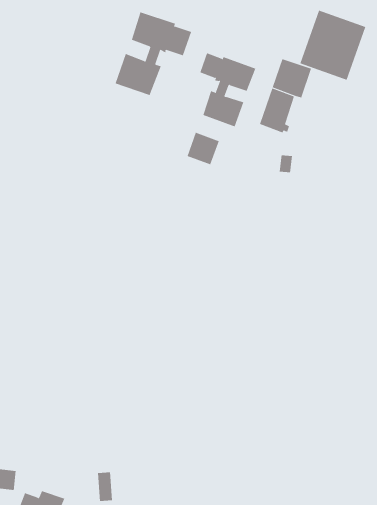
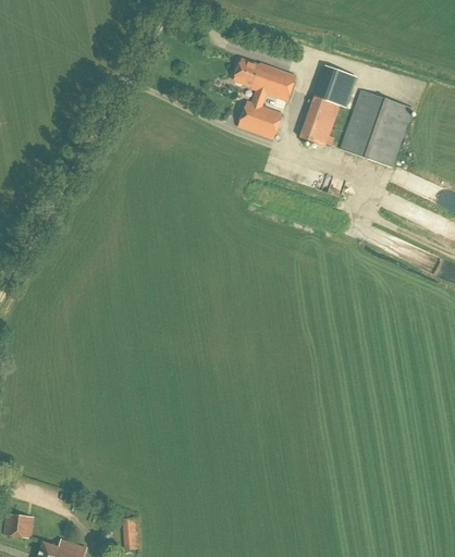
building: [299,10,366,80] -> [340,90,413,168]
building: [115,11,192,96] -> none
building: [187,132,219,165] -> none

